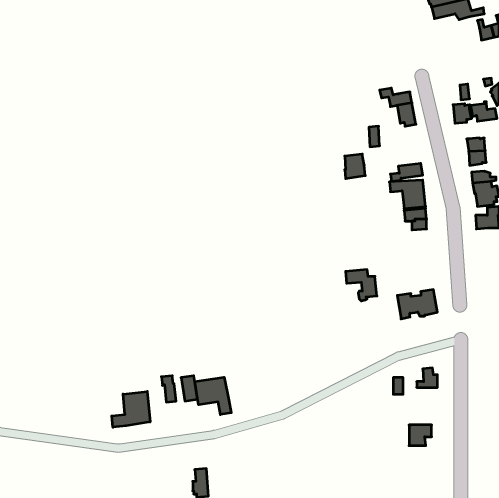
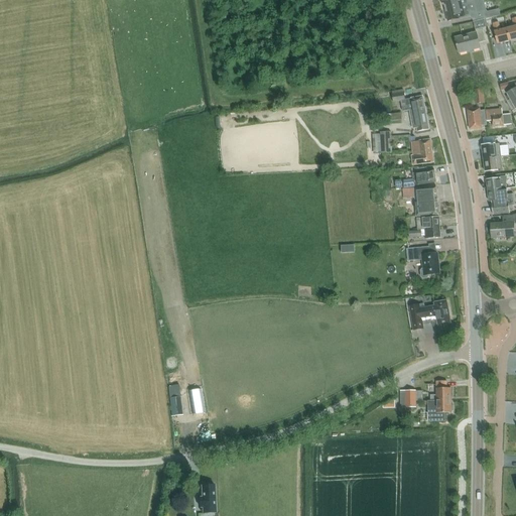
building: none -> [455,17,486,51]
building: [345,154,365,179] -> [411,138,432,163]
building: [346,270,377,301] -> [406,245,438,277]
building: [195,377,231,415] -> none
building: [112,391,150,427] -> none
building: [409,425,432,446] -> [427,399,450,420]

